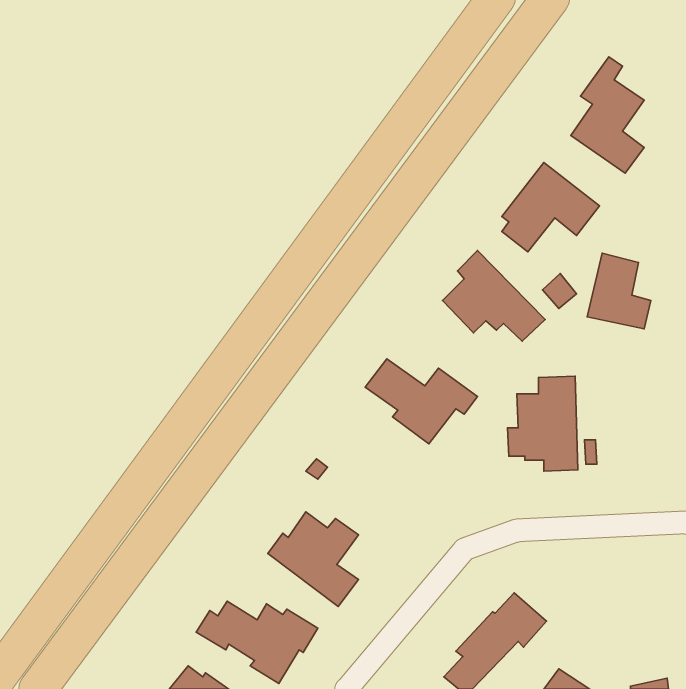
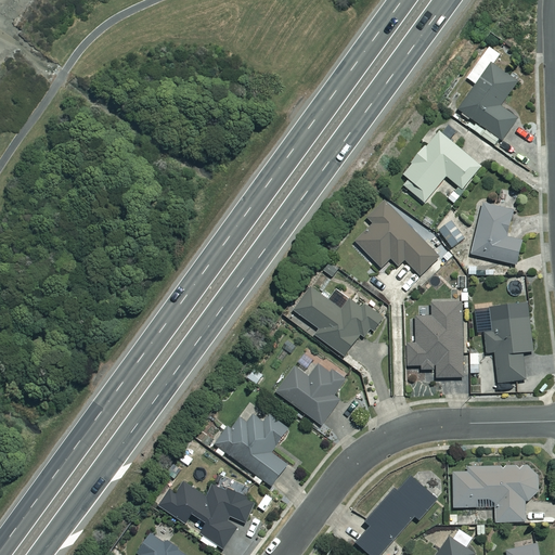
building: none -> [483,305,531,382]
building: none -> [275,364,349,424]
building: none -> [452,465,537,521]

